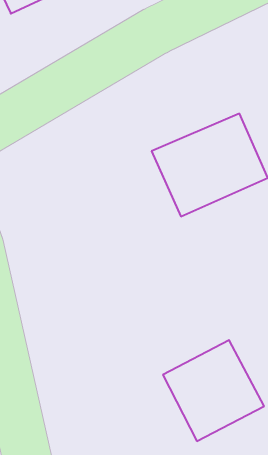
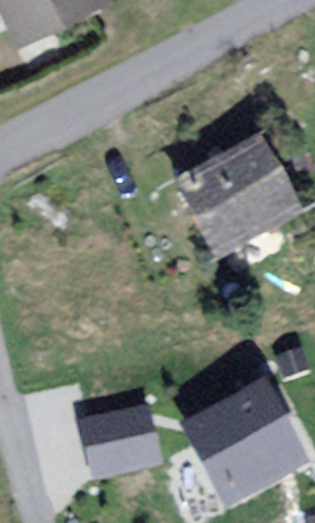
building: none -> [87,403,156,466]

